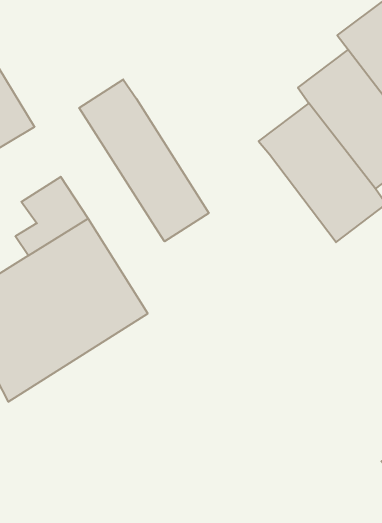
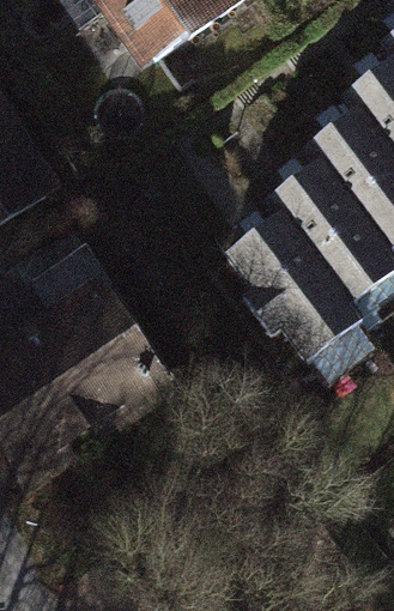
building: [79,79,209,241] -> none
building: none -> [224,218,352,358]

